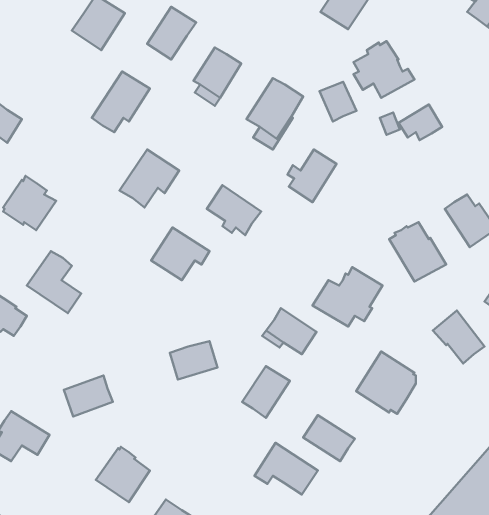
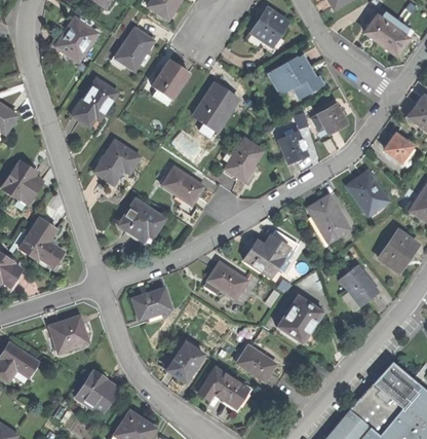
building: [319,82,356,122] -> [278,132,307,162]
building: [242,366,290,418] -> [167,342,204,382]

